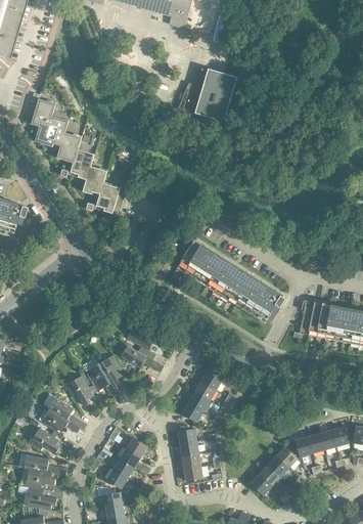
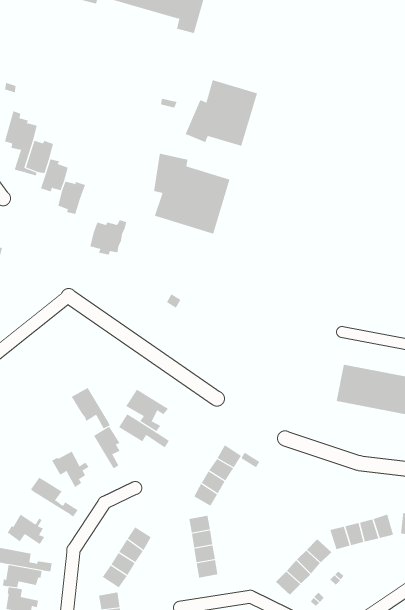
building: none -> [153,153,230,234]
building: [83,165,106,193] -> none
building: [178,241,287,322] -> none
building: [86,361,119,396] -> [71,387,111,429]
building: [42,407,80,432] -> none

